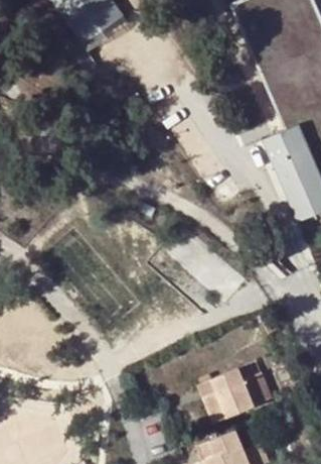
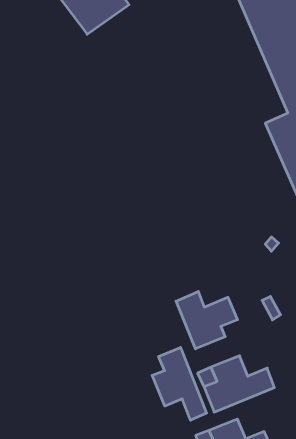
building: none -> [176,291,238,349]
building: none -> [152,347,207,420]

